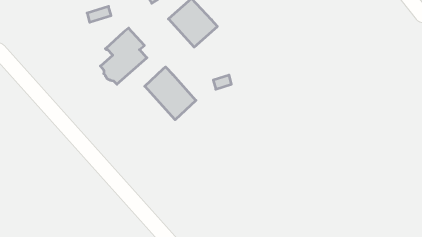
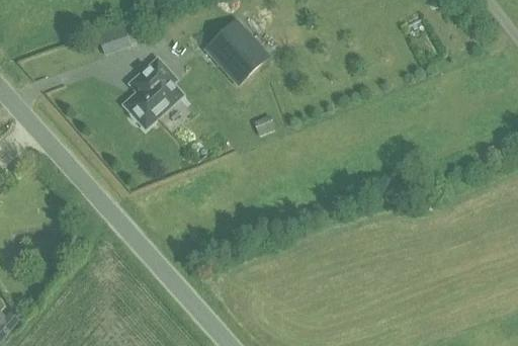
building: [145,67,196,120] -> none

